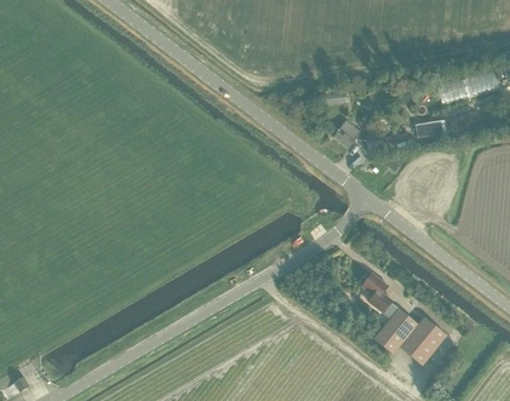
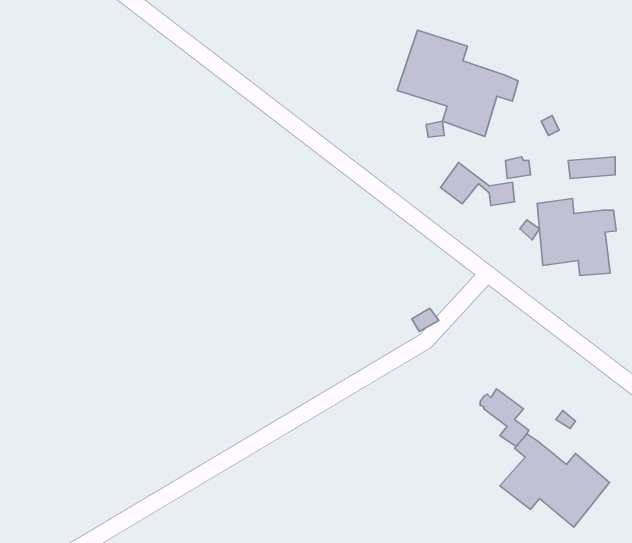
building: none -> [397,30,518,137]
building: none -> [537,198,616,276]

